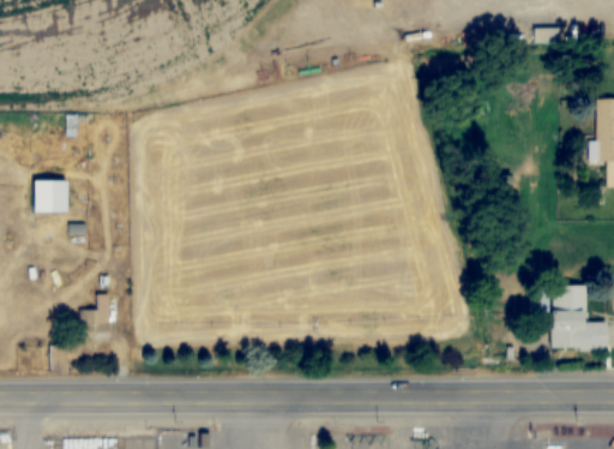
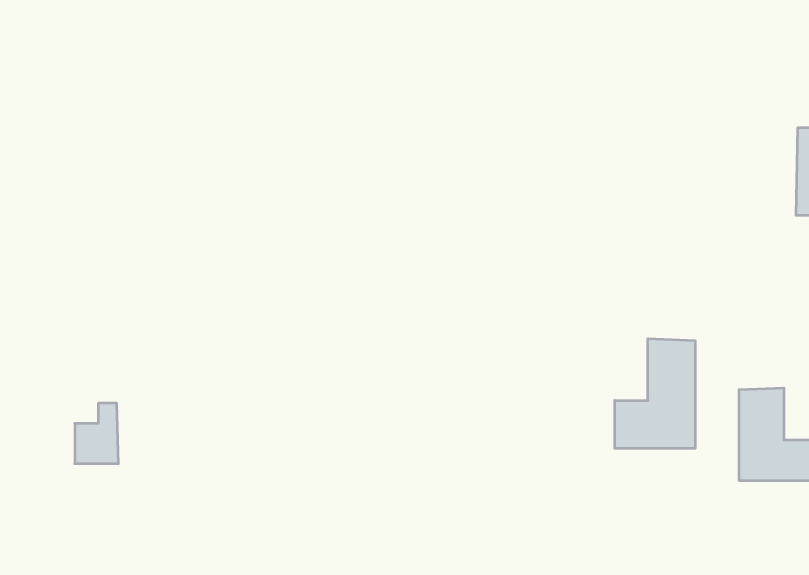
building: [34,181,67,214] -> none
building: none -> [615,339,695,448]

